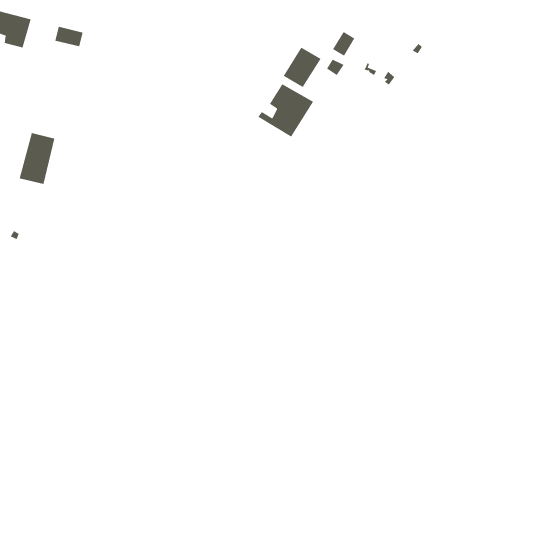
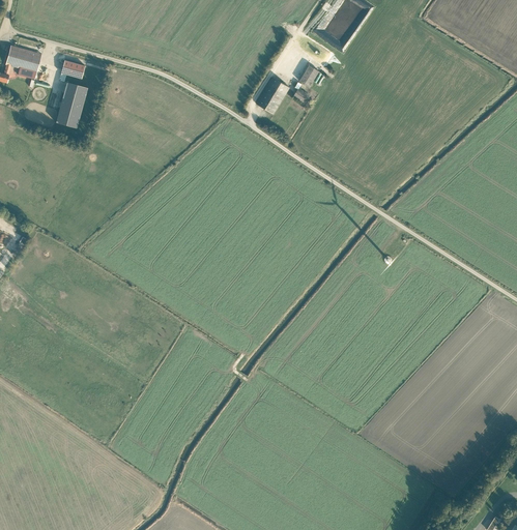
building: [258,83,314,137] -> none
building: [19,132,55,184] -> [57,83,88,127]

